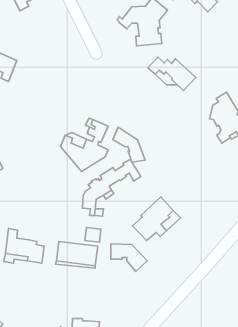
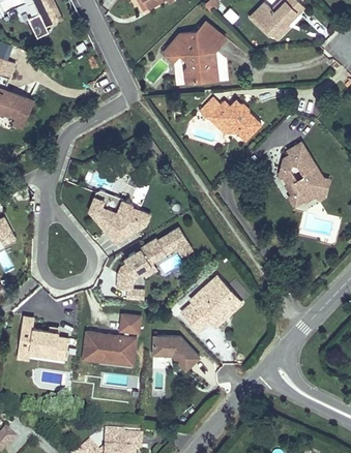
building: [113,127,145,162] -> none

